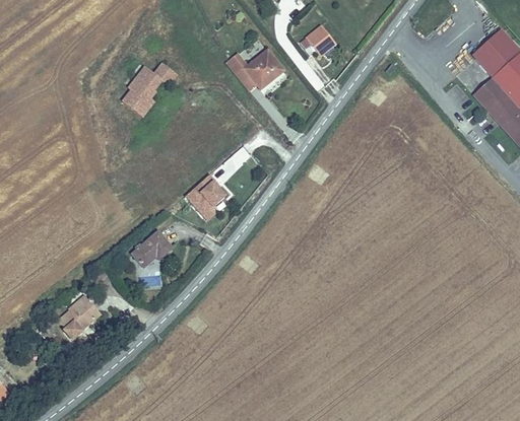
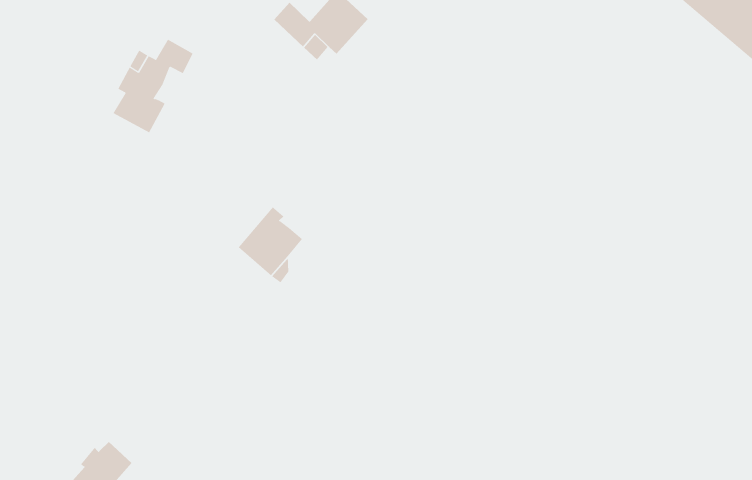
building: [133,232,173,267] -> none

